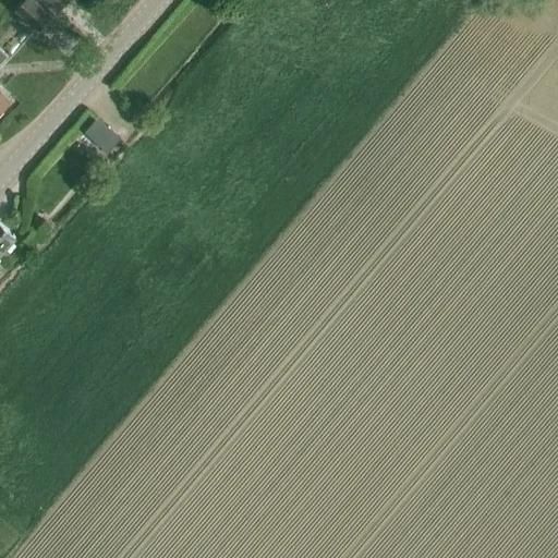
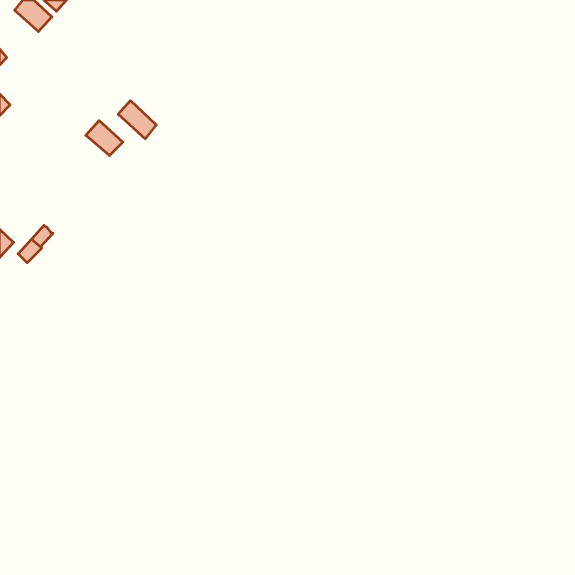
building: none -> [118,101,156,139]

